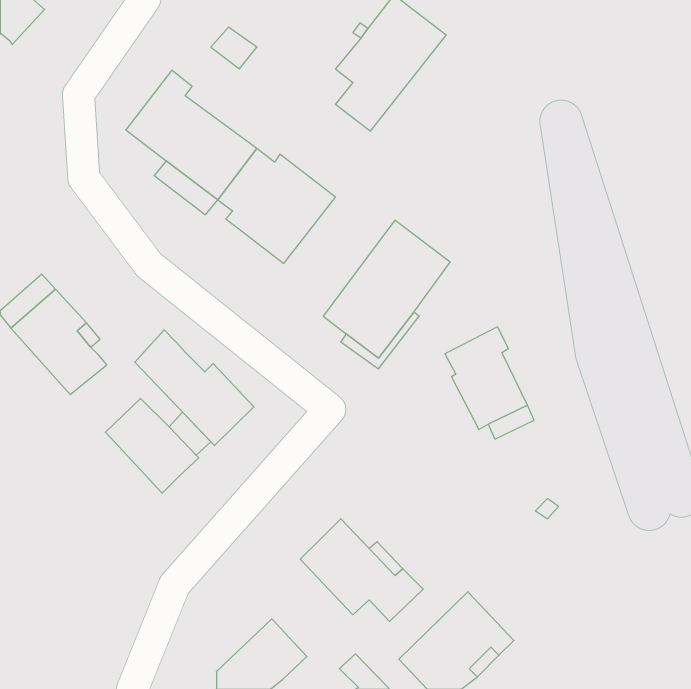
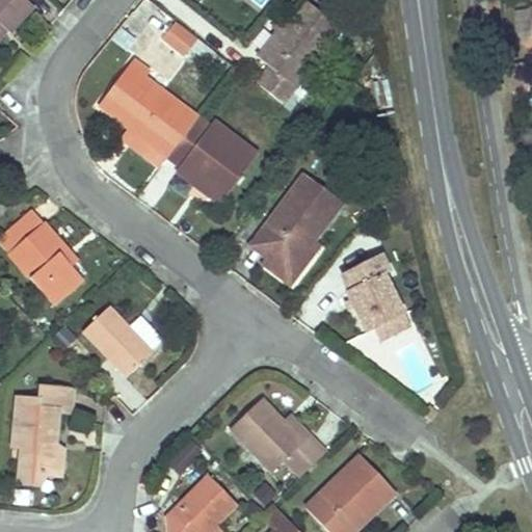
building: [135,330,254,446] -> none
building: none -> [15,388,74,483]

